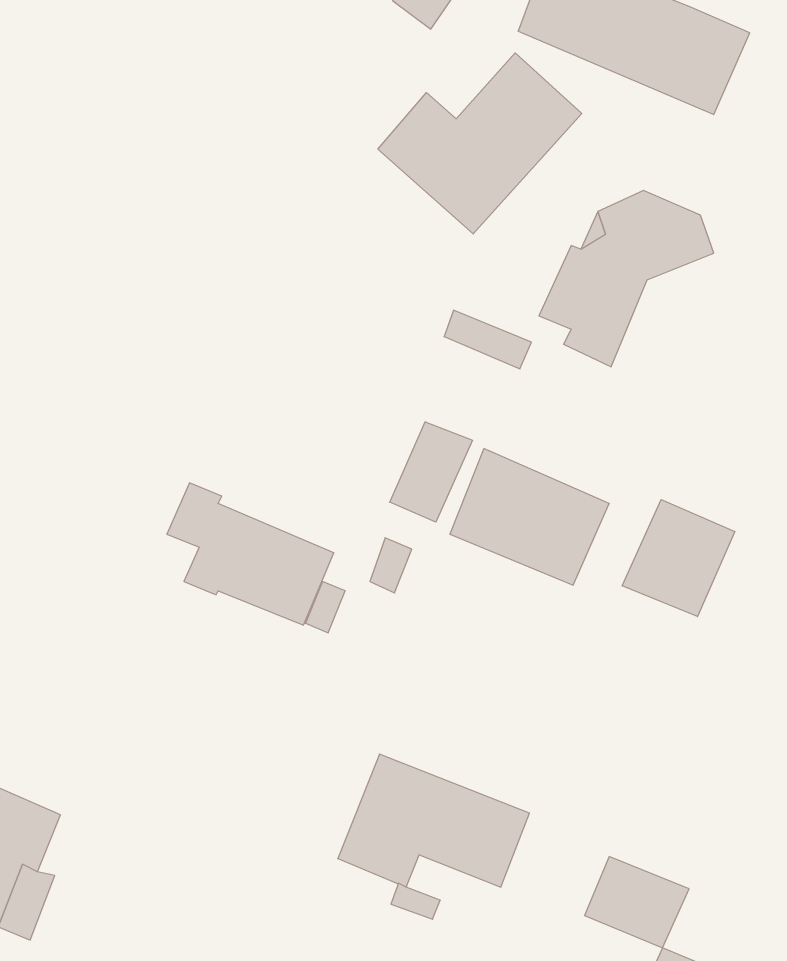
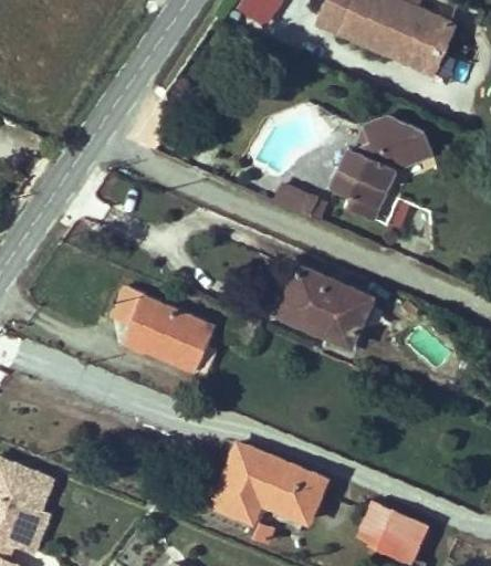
building: [378,53,582,234] -> none
building: [390,422,472,522] -> none
building: [622,500,735,617] -> none

